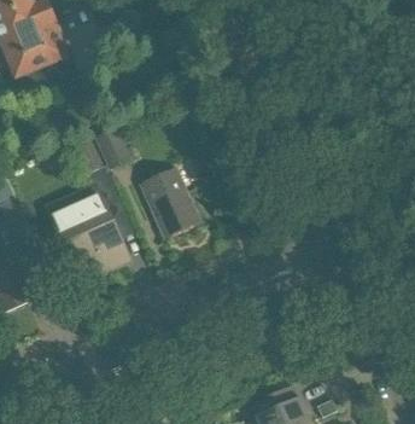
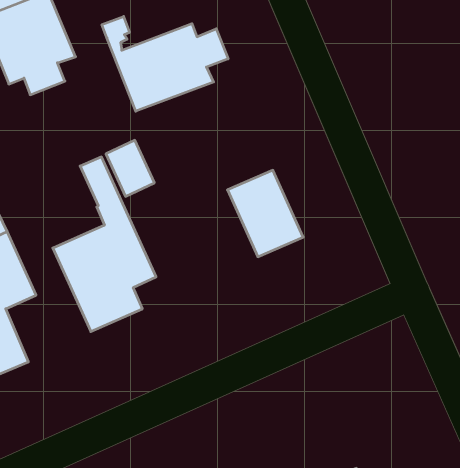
building: none -> [102,16,228,111]
building: [139,170,199,239] -> [227,170,303,257]

